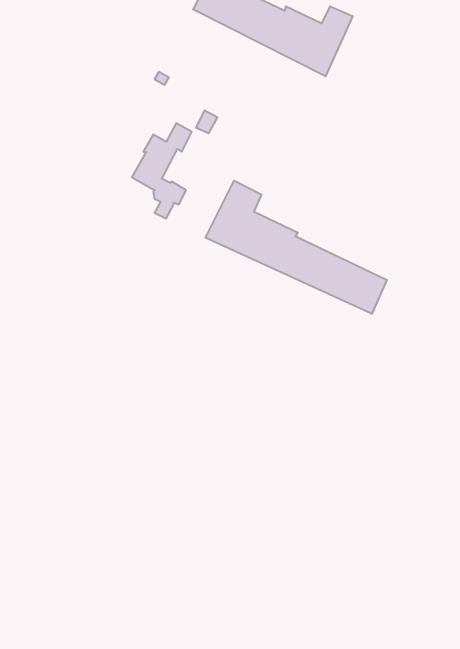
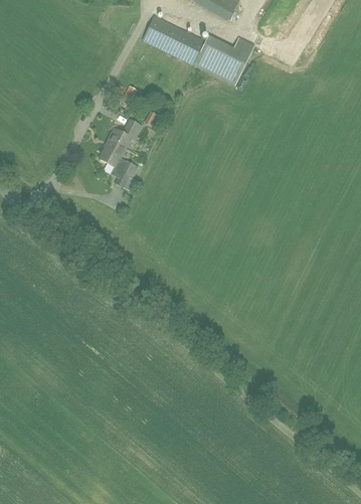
building: [205,181,387,314] -> none

